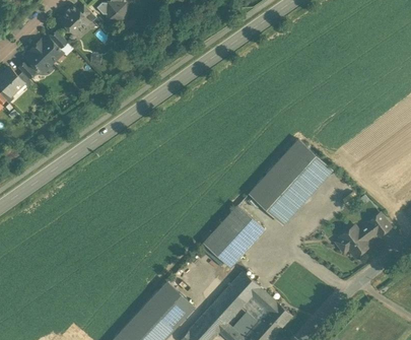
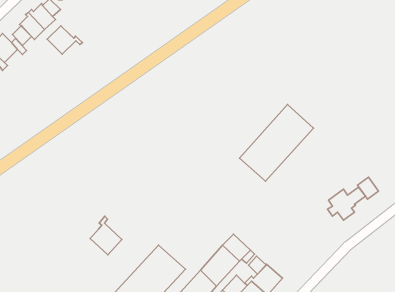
building: none -> [47,26,82,54]
building: [203,205,264,267] -> none
building: none -> [90,216,122,255]

